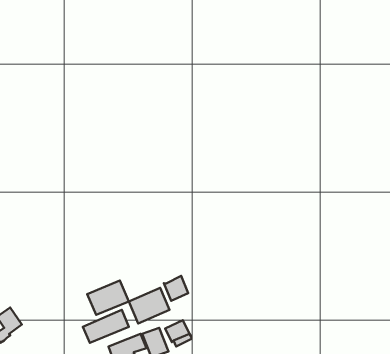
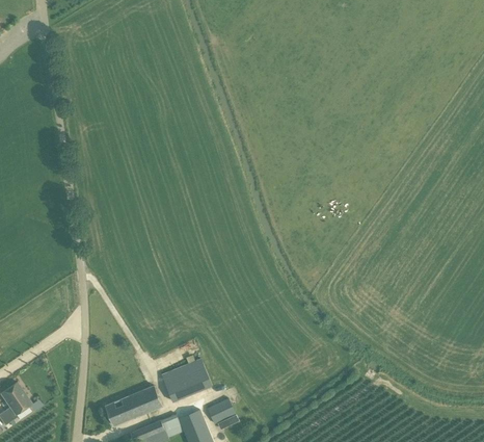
building: [164,276,188,301] -> none
building: [87,281,129,315] -> none

